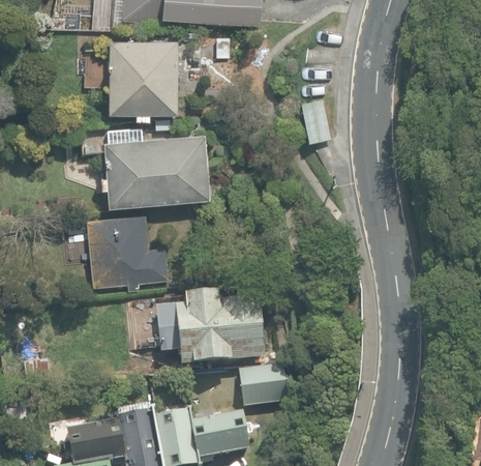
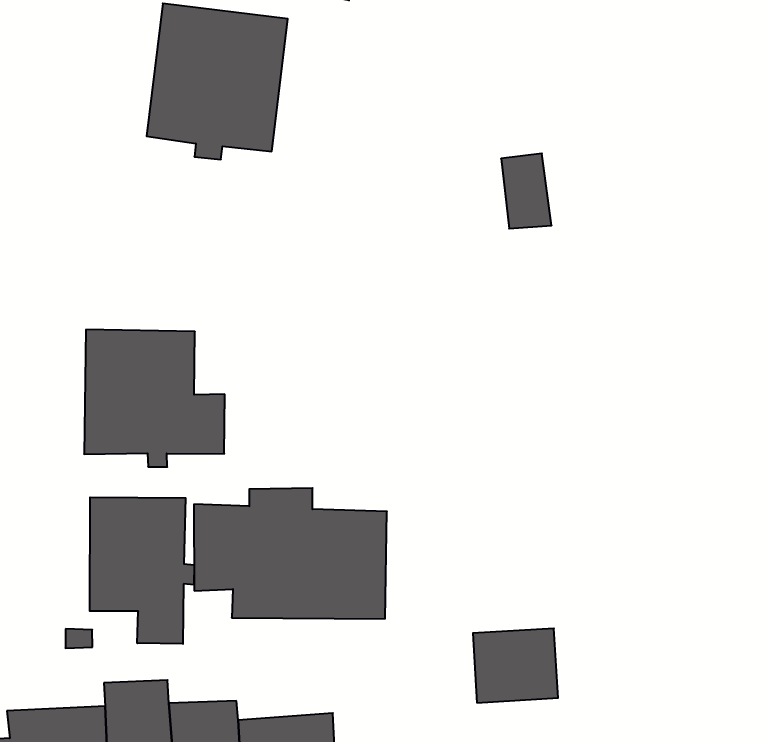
building: [100,129,209,205] -> none
building: none -> [90,497,194,644]
building: [238,365,288,409] -> [473,628,558,703]

